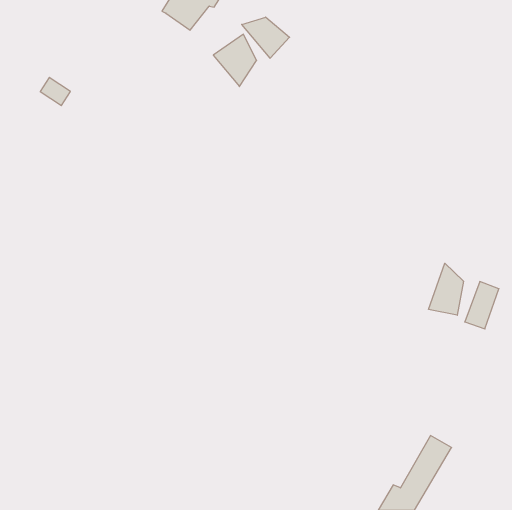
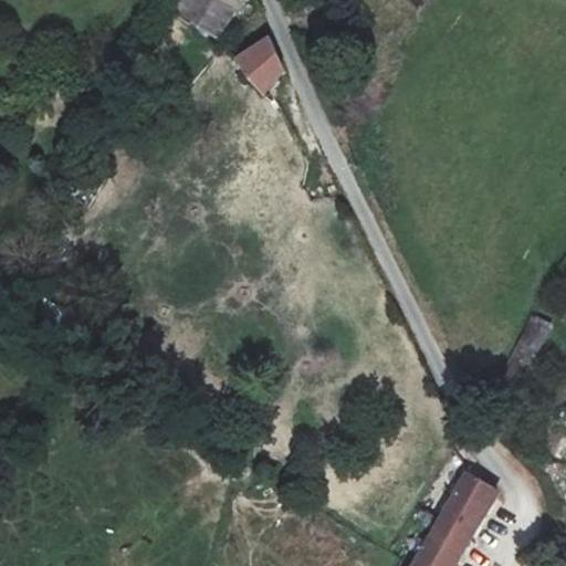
building: [242,17,290,58] -> none
building: [429,263,463,315] -> none

